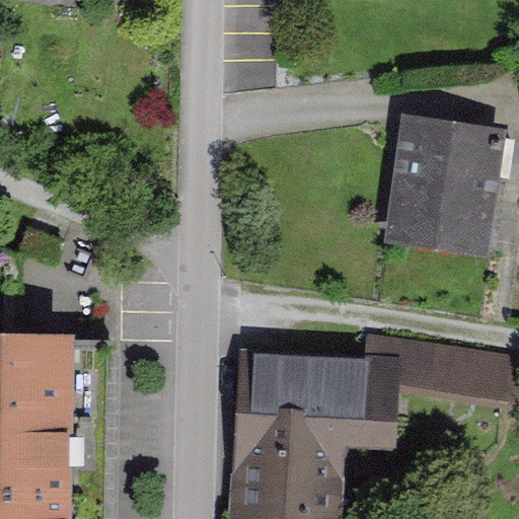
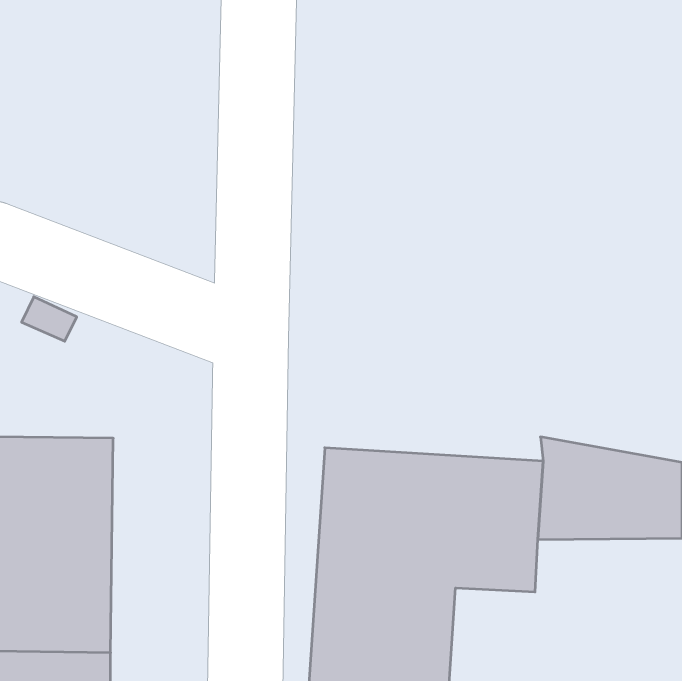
building: [379,116,503,264] -> none

